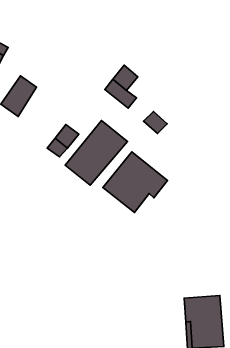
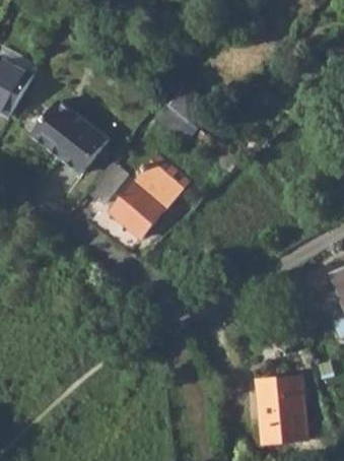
building: none -> [51,117,109,177]
building: [103,152,168,213] -> none

